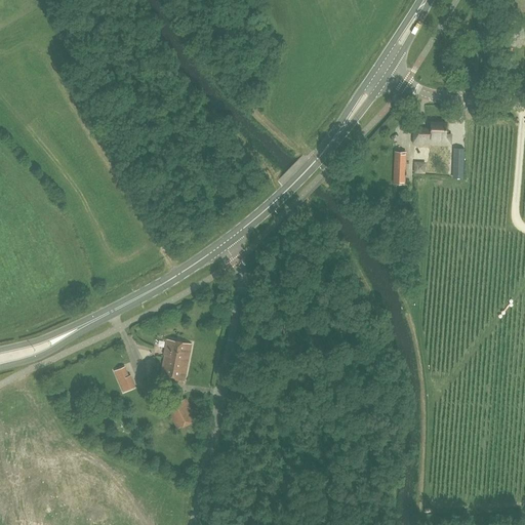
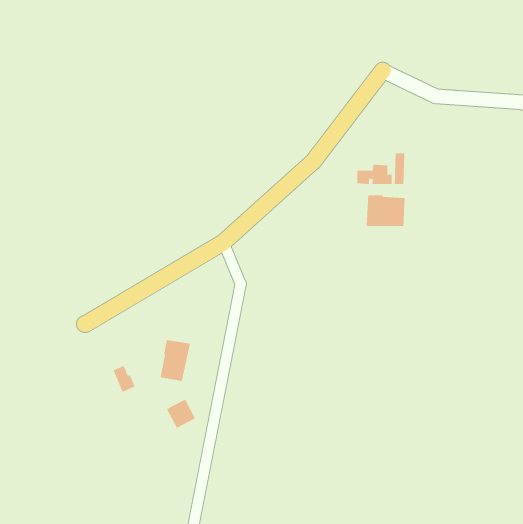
building: [413,123,449,144] -> [356,164,392,185]
building: none -> [366,194,405,227]

